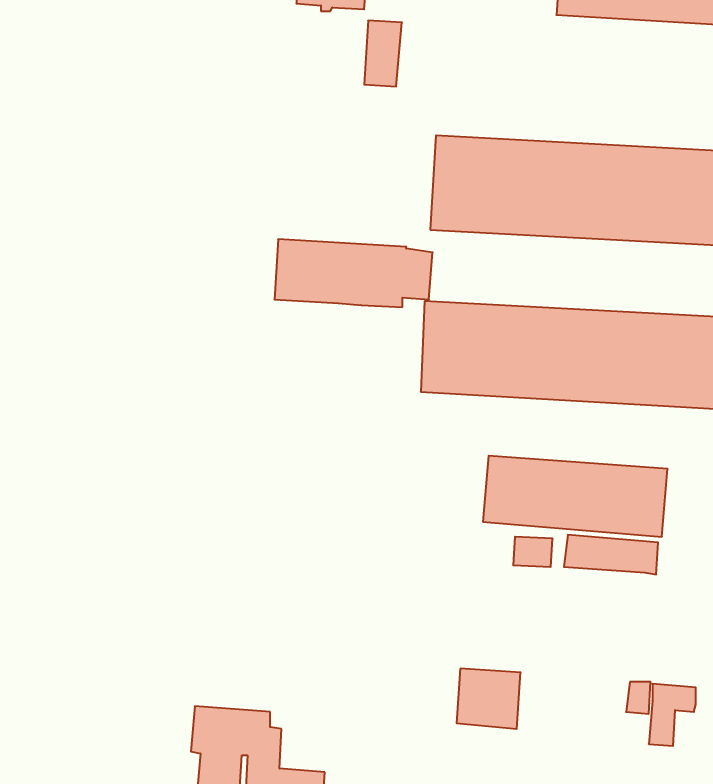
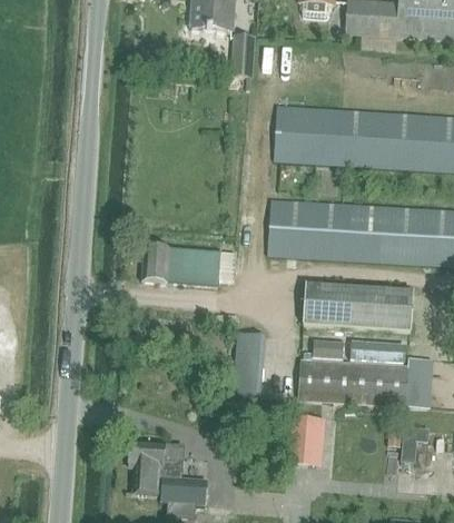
building: [274,239,433,307] -> [142,245,236,285]
building: none -> [234,333,264,397]
building: none -> [299,357,433,407]

